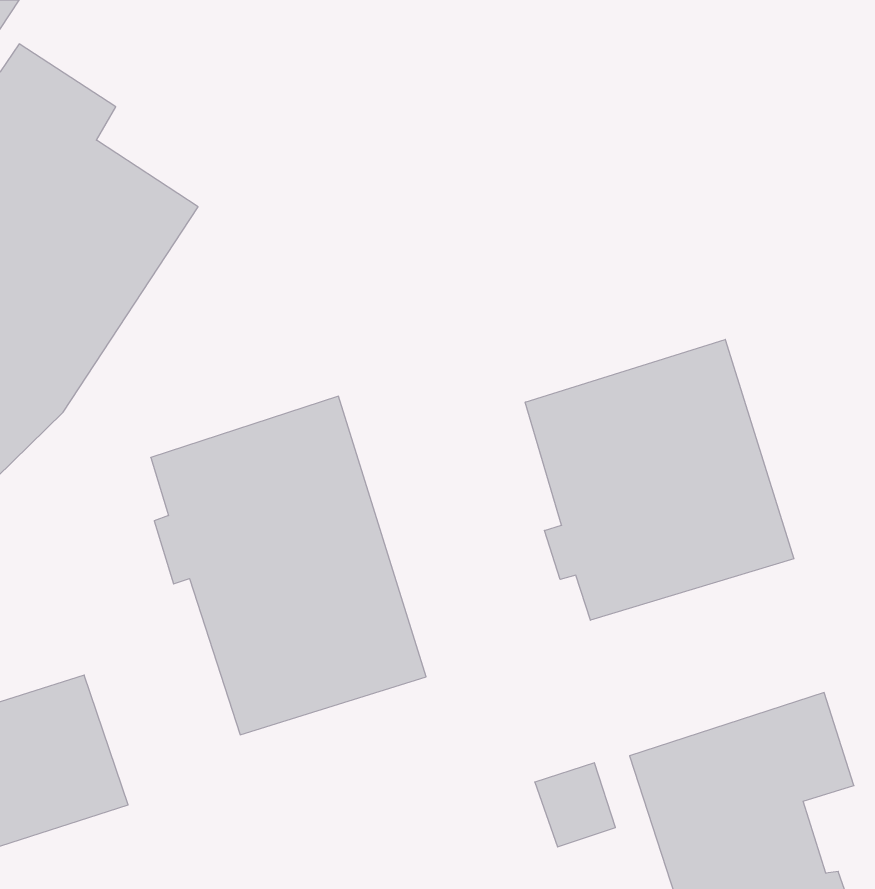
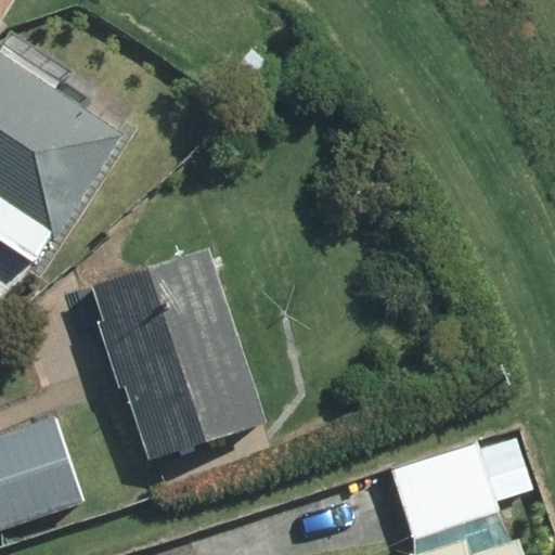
building: [525,339,794,620] -> none

